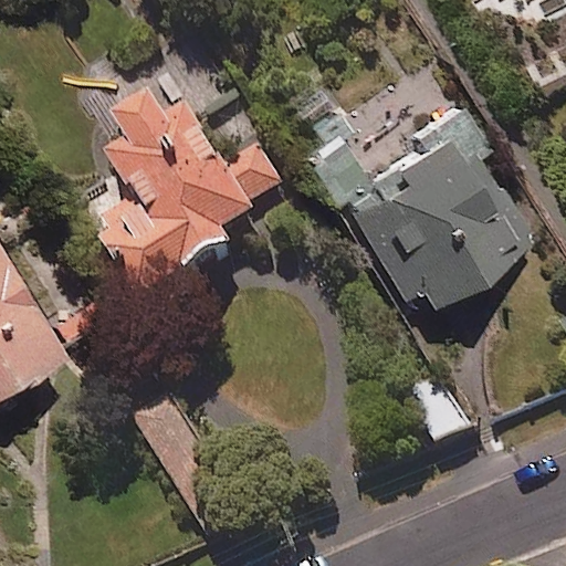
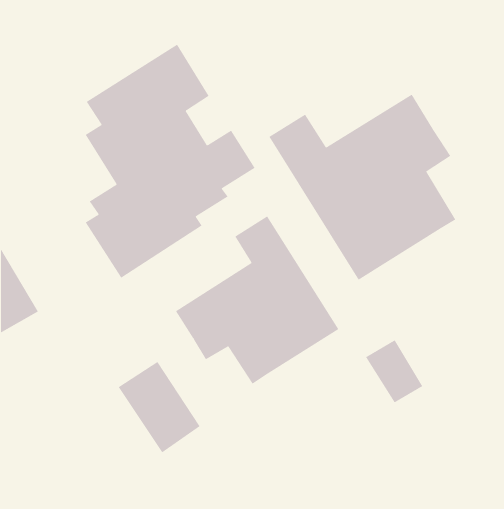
building: none -> [175,215,339,384]

